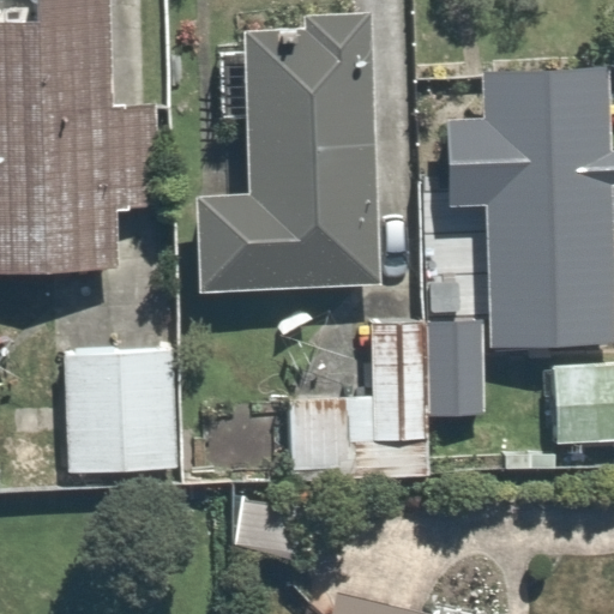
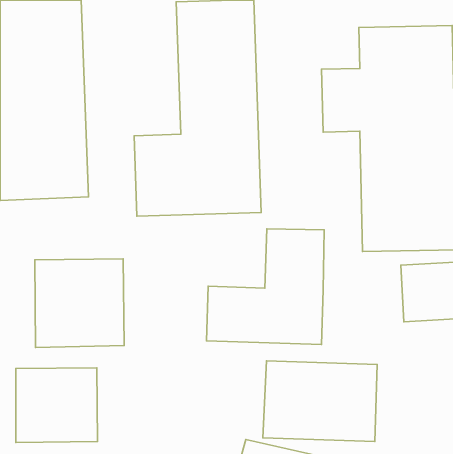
building: none -> [263,361,377,442]
building: none -> [16,368,98,442]

